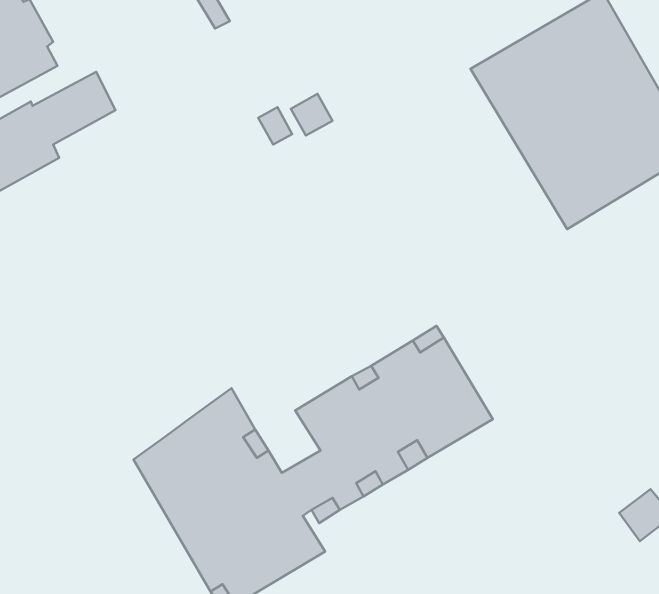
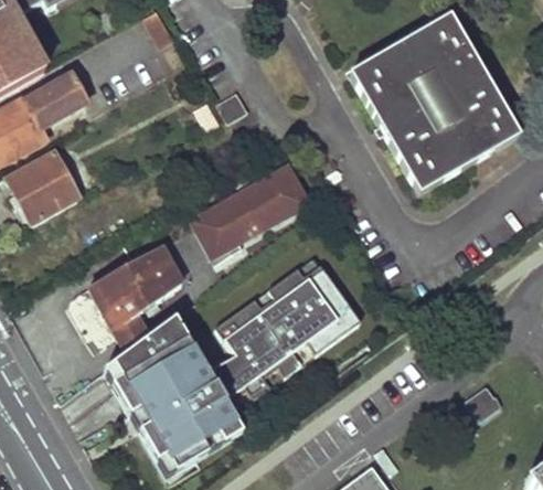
building: none -> [8,150,79,222]
building: none -> [191,167,307,257]
building: none -> [86,238,177,345]

